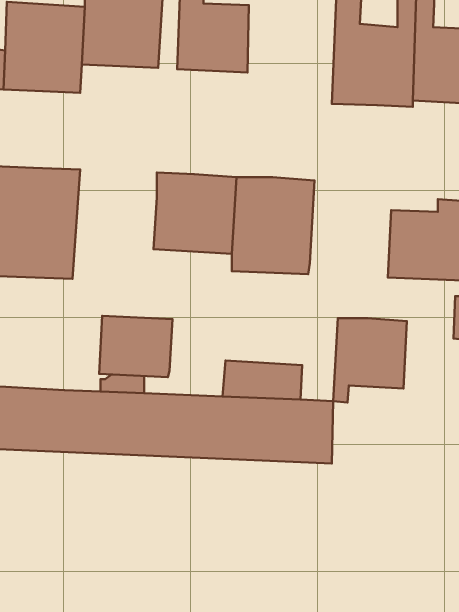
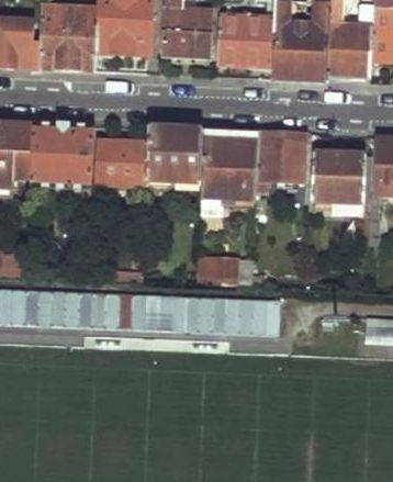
building: none -> [216,15,269,66]
building: [99,316,173,377] -> [97,143,148,186]
building: [333,318,407,403] -> [256,133,307,192]

